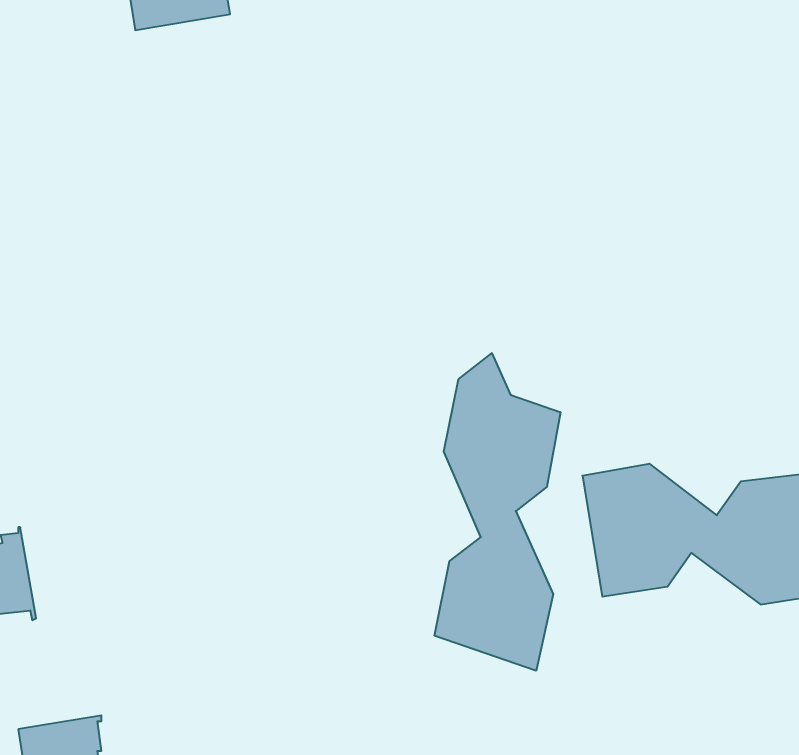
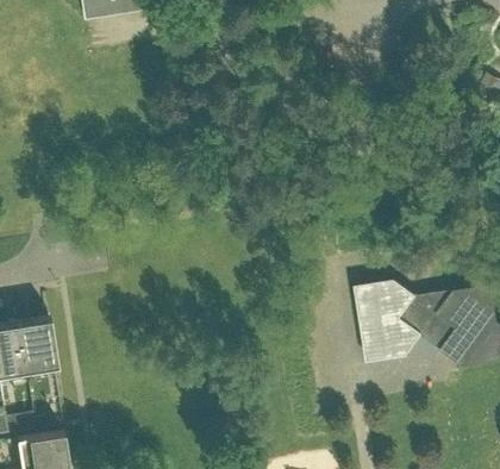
building: [435,353,560,671] -> none
building: none -> [14,315,52,373]

